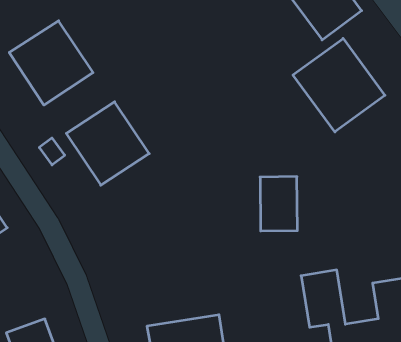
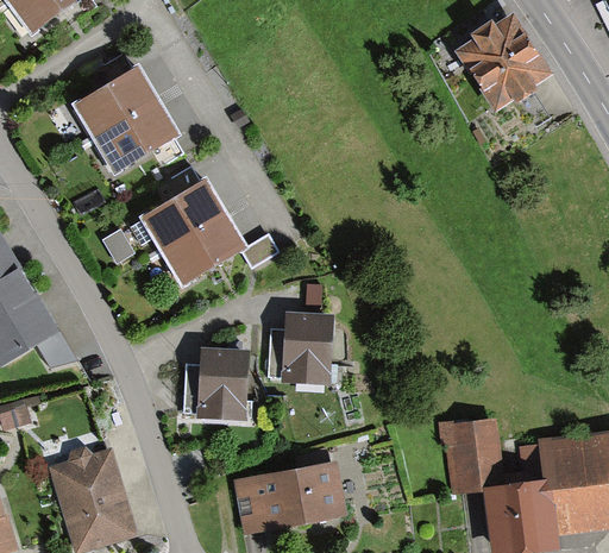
building: [293,38,385,132] -> none
building: [260,177,297,231] -> [283,308,335,382]
building: none -> [197,344,250,417]

